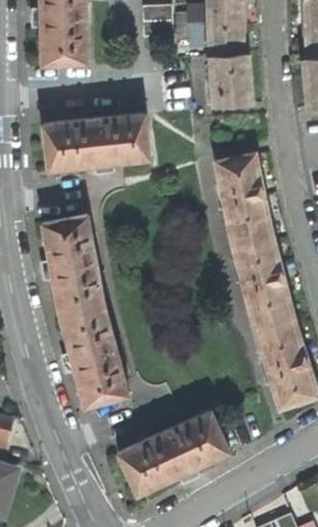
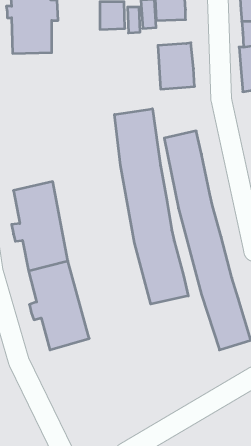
building: [206,25,241,55] -> none
building: [41,109,149,170] -> none
building: none -> [115,109,188,304]
building: [116,409,228,495] -> none

